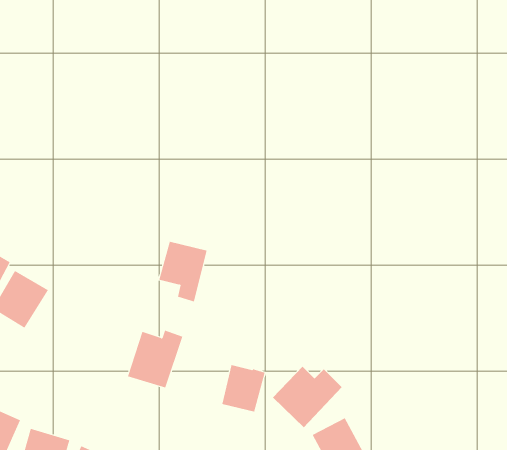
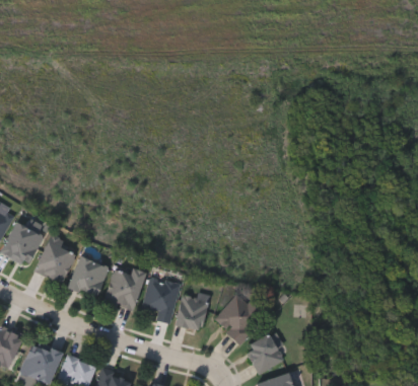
building: [159,241,208,302] -> [143,278,181,324]
building: none -> [34,235,76,284]
building: none -> [67,255,110,299]

